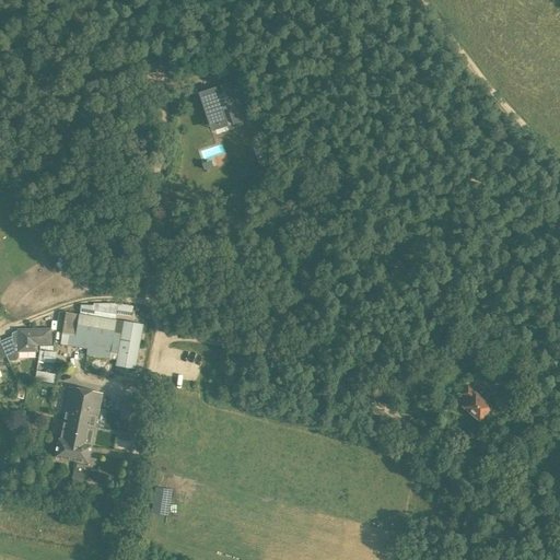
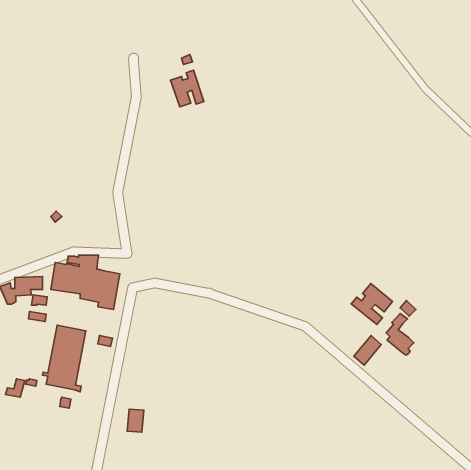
building: none -> [351,283,392,324]
building: none -> [354,336,381,365]

